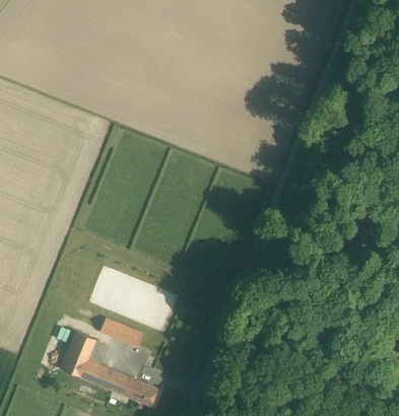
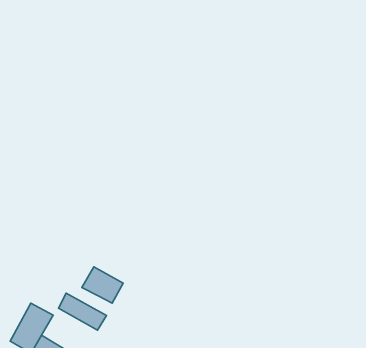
building: none -> [82,267,123,303]

